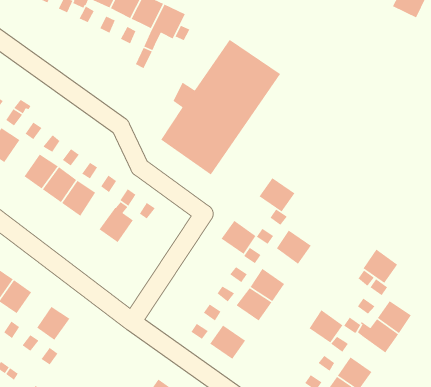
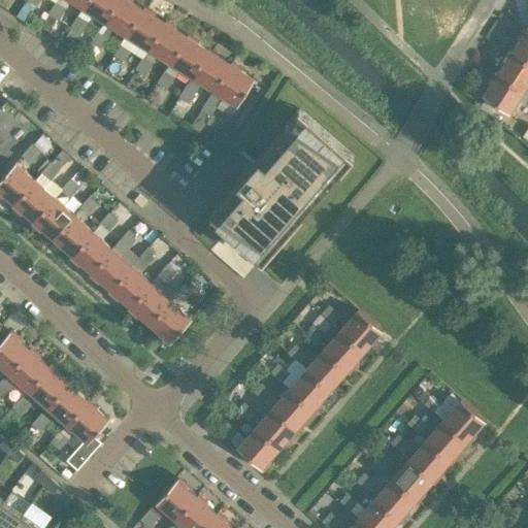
building: none -> [33,198,73,239]
building: [259,177,295,212] -> [339,311,381,352]
building: none -> [110,266,151,307]
building: [221,220,257,255] -> [305,351,345,391]
building: none -> [148,301,190,342]
building: [362,248,398,284] -> [442,401,483,441]
building: none -> [28,368,67,408]
building: none -> [255,408,295,449]
building: [308,309,343,344] -> [392,460,431,499]
building: none -> [64,402,106,471]

